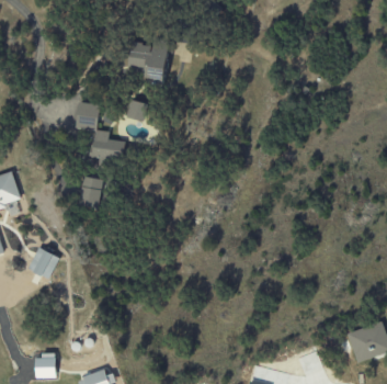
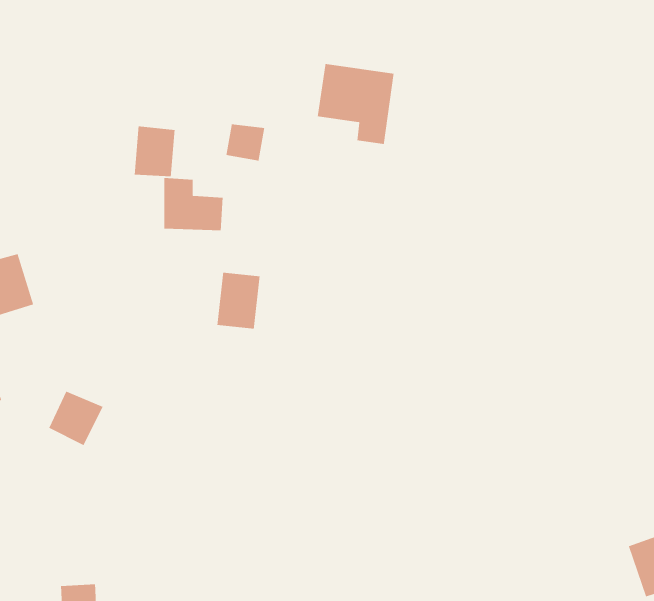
building: [126,39,169,84] -> [317,63,395,145]
building: [78,176,102,207] -> [217,272,260,330]

